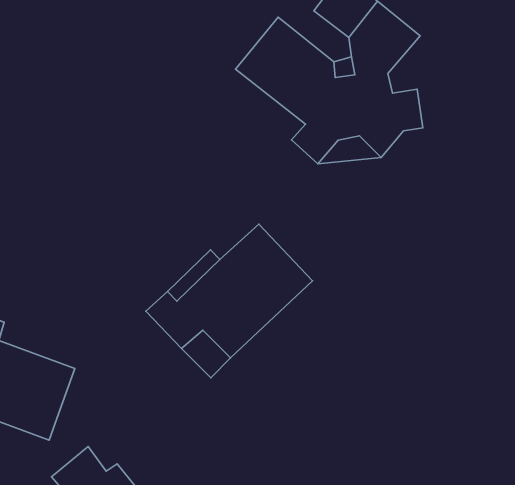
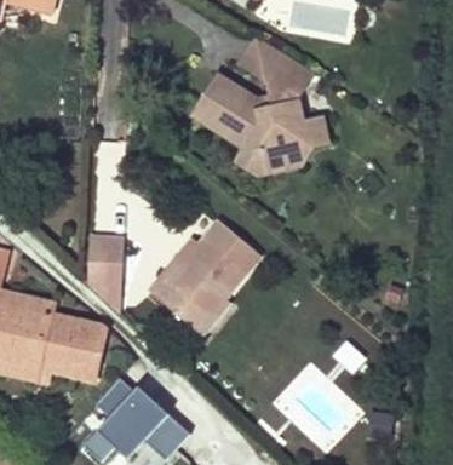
building: none -> [91,241,124,317]

